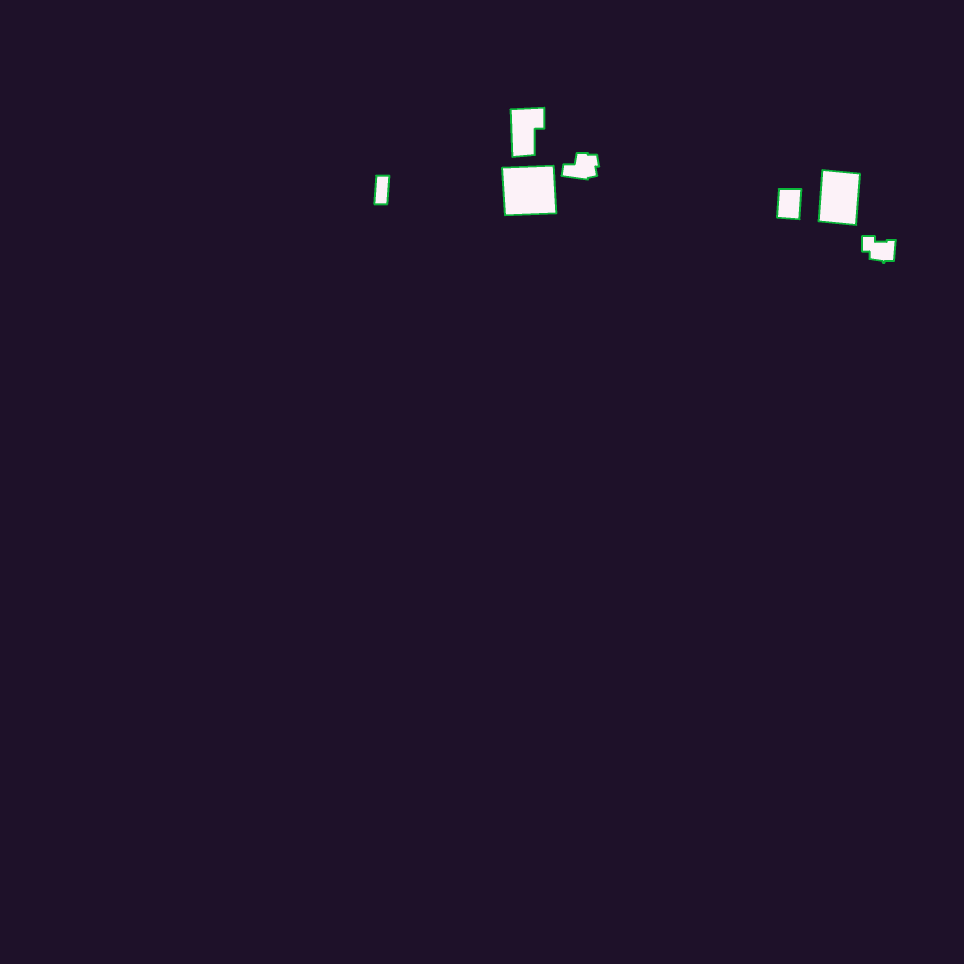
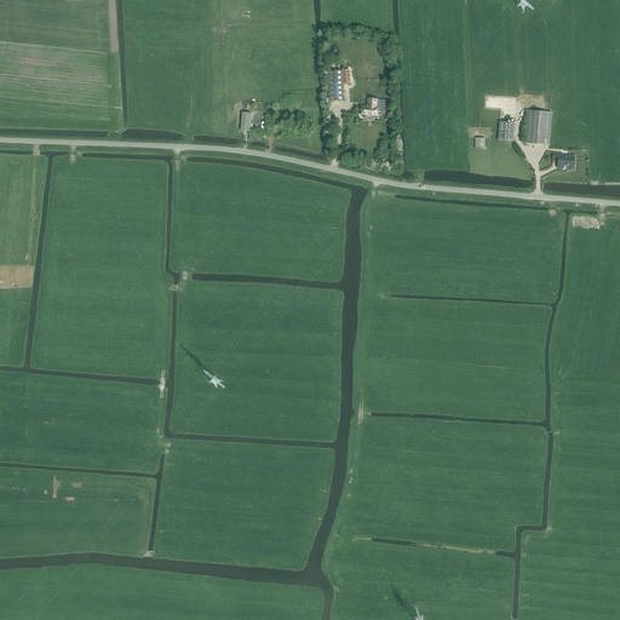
building: [502,166,556,215] -> none

